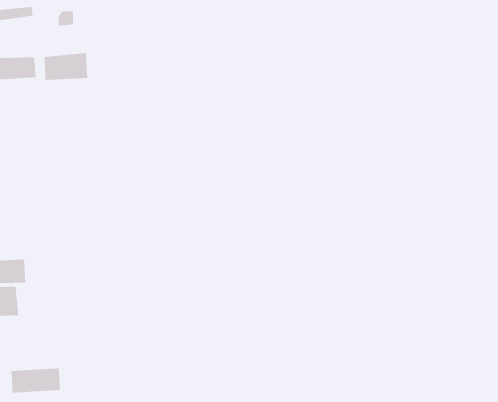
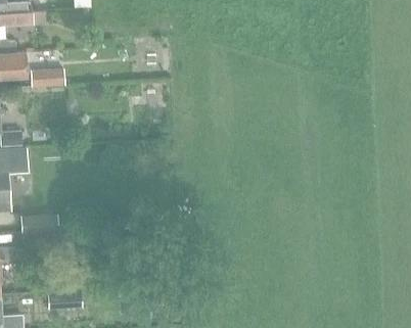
building: [44,52,88,81] -> none

